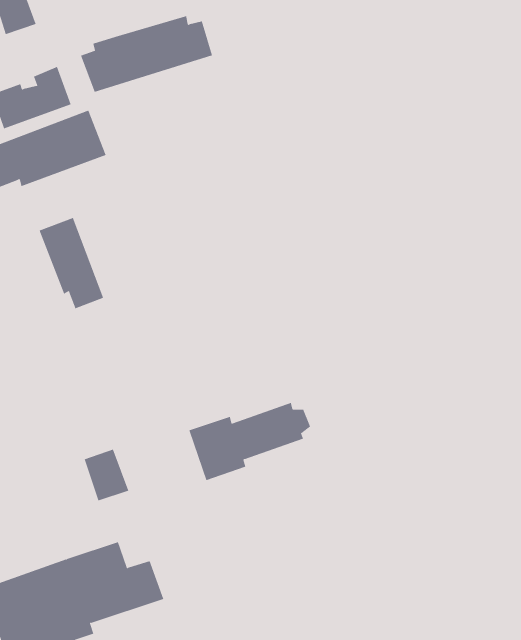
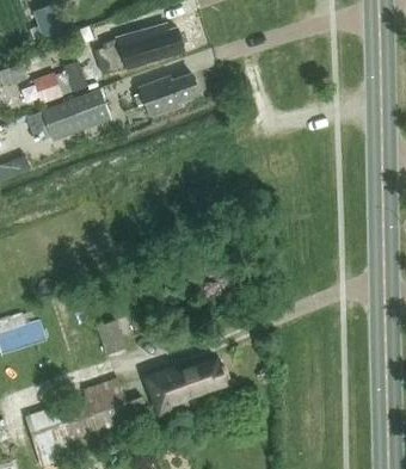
building: none -> [134,73,198,115]
building: [39,217,104,309] -> none
building: [188,402,311,481] -> [146,358,229,412]

